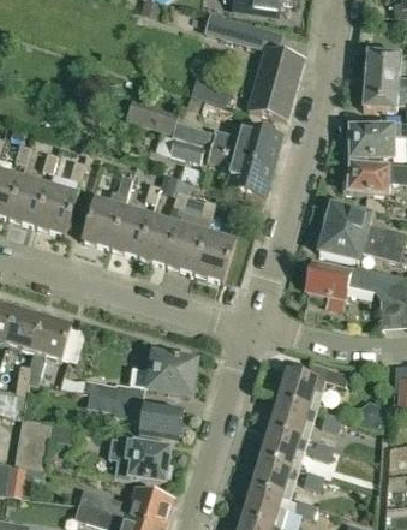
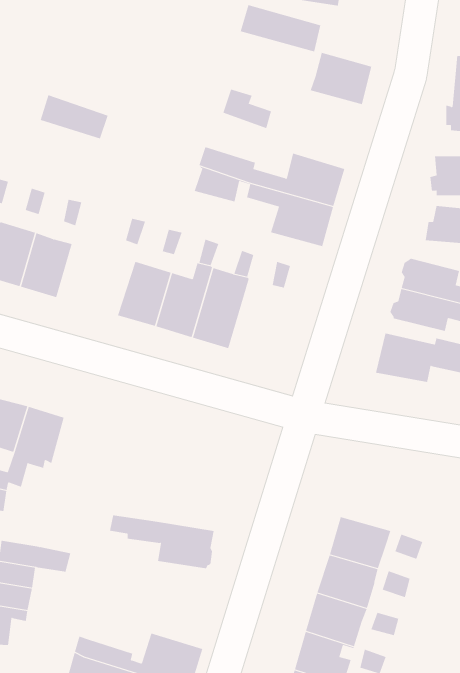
building: [249,78,297,119] -> none
building: [126,100,178,133] -> [40,95,108,139]
building: [84,198,125,248] -> none
building: [196,232,237,281] -> none
building: [60,355,197,403] -> none
building: [280,361,349,410] -> none
building: [110,439,173,482] -> none

